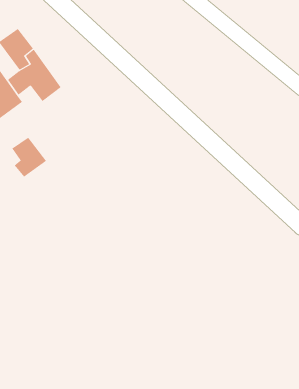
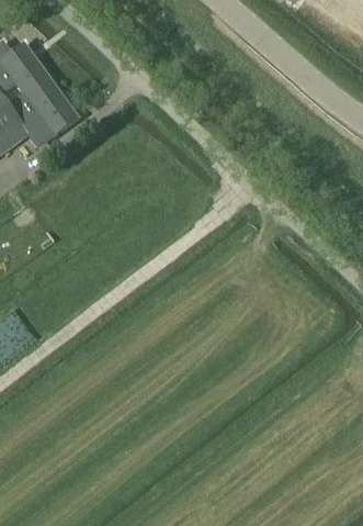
building: [12,137,47,178] -> none

